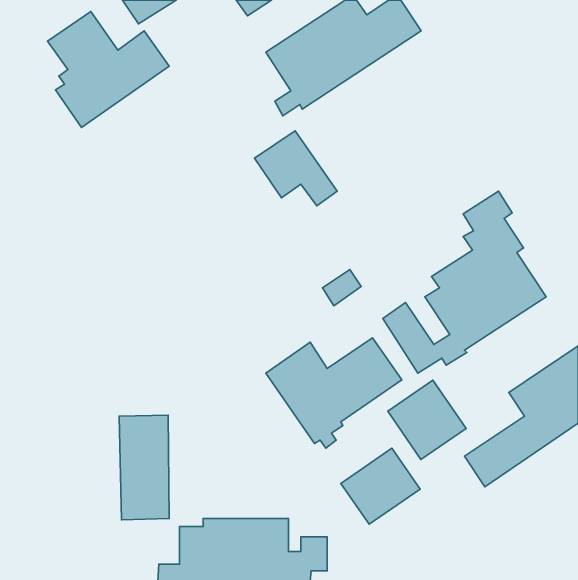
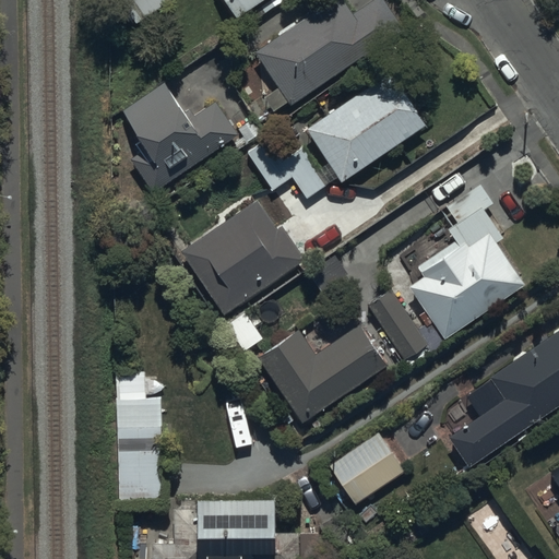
building: [48,11,169,127] -> [121,83,238,194]
building: none -> [306,73,426,182]
building: none -> [180,200,305,316]
building: [388,380,466,459] -> none

